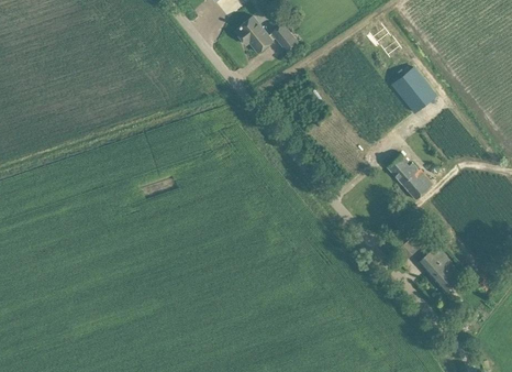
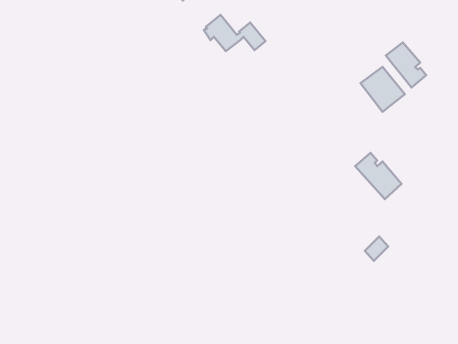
building: none -> [386,42,426,87]
building: [420,245,458,293] -> none

